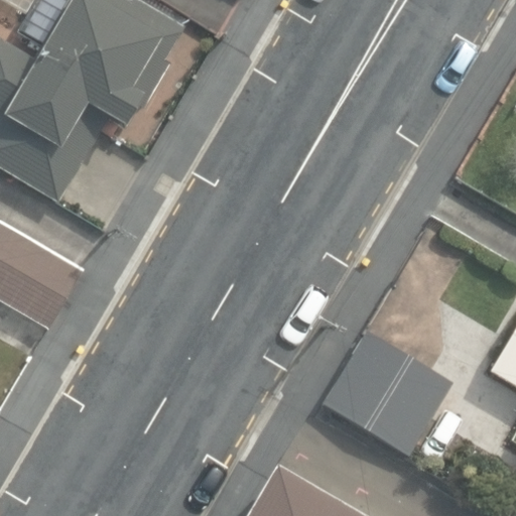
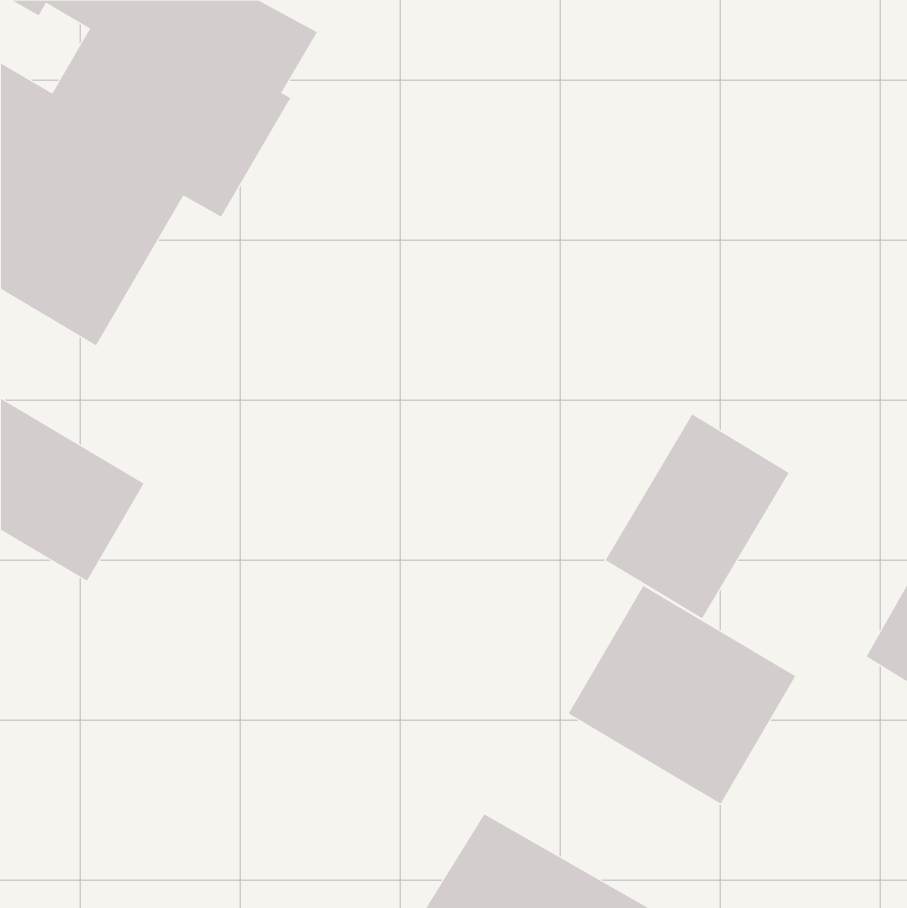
building: none -> [605,414,789,619]

